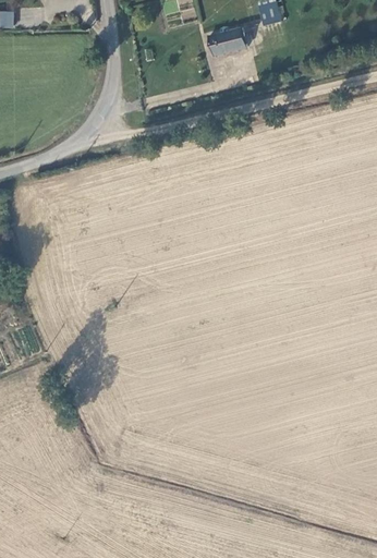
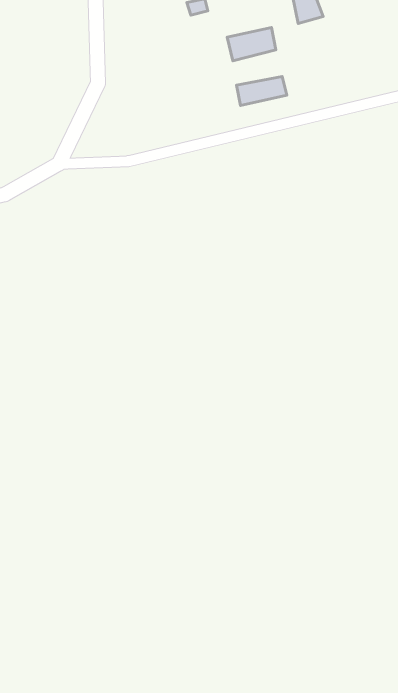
building: none -> [237,77,287,105]

